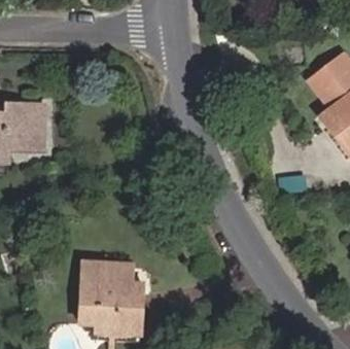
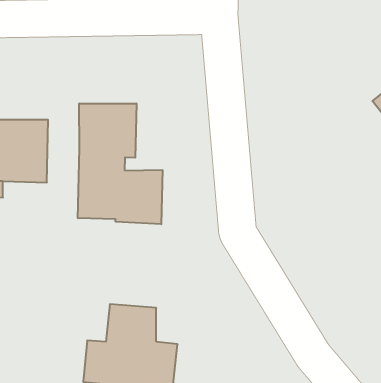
building: none -> [78,103,162,224]

